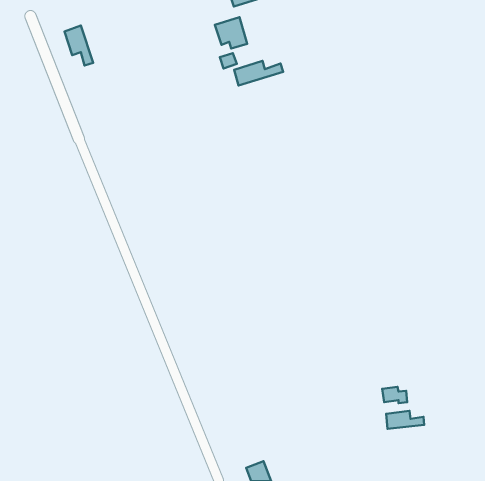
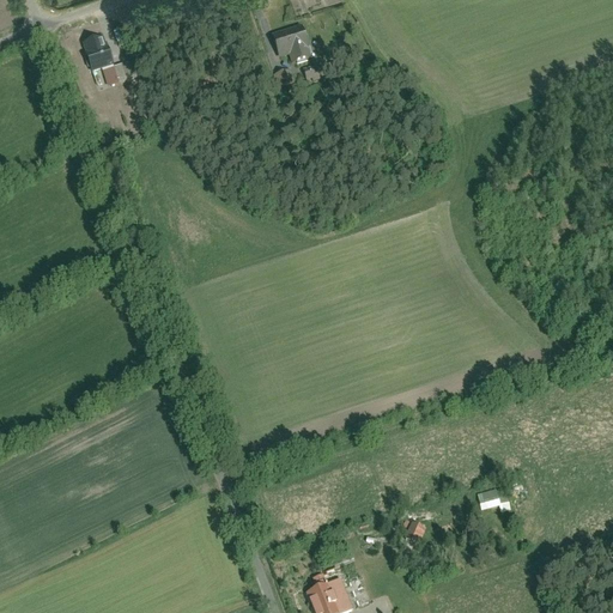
building: [234,61,283,85] -> none
building: [386,411,424,429] -> none

